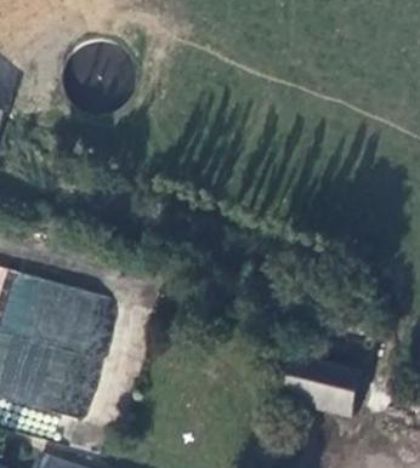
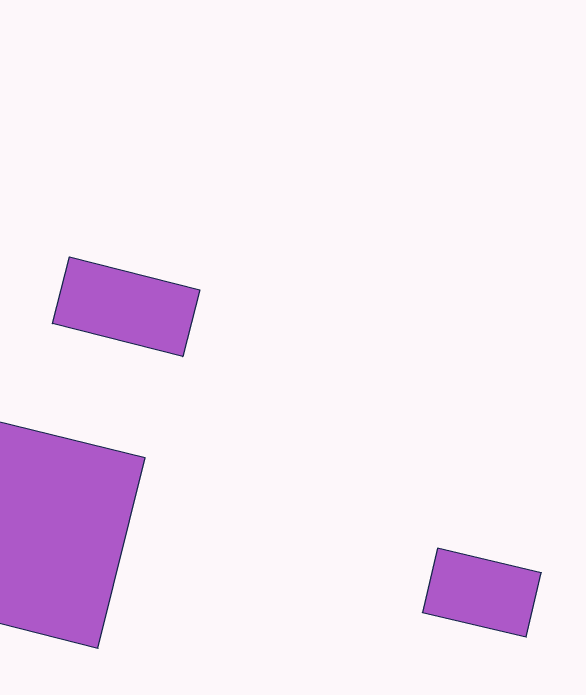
building: none -> [52,257,200,357]

